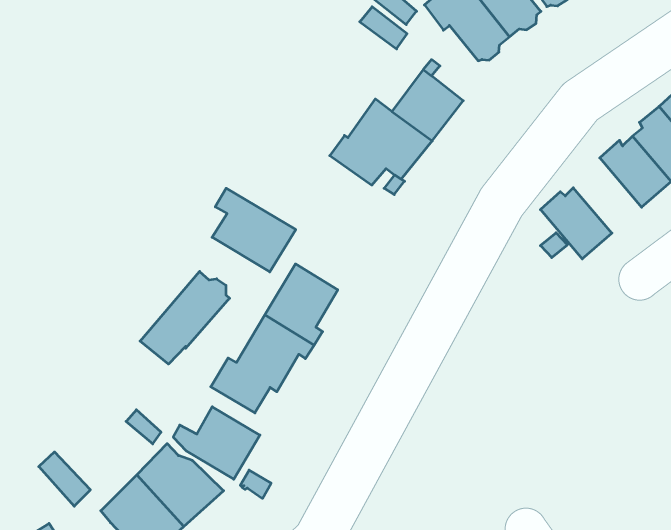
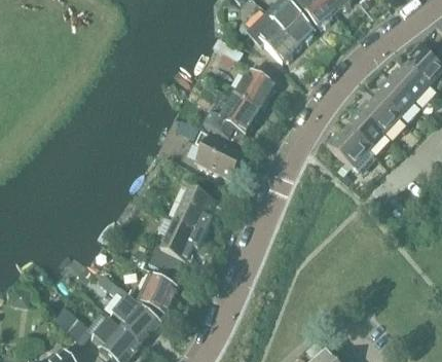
building: none -> [343,108,383,150]
building: [212,188,296,272] -> [195,132,243,177]
building: [140,271,230,364] -> none

